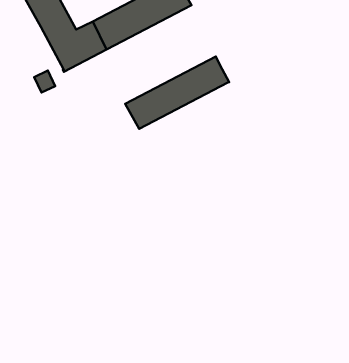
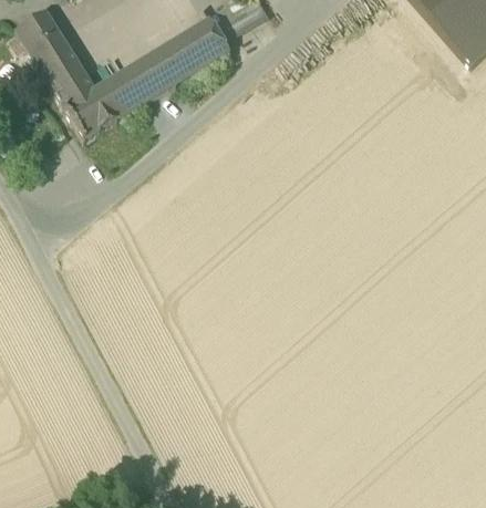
building: [125,56,229,129] -> none

